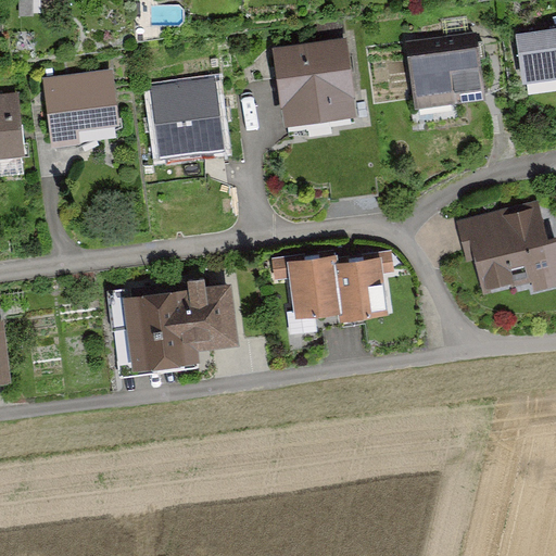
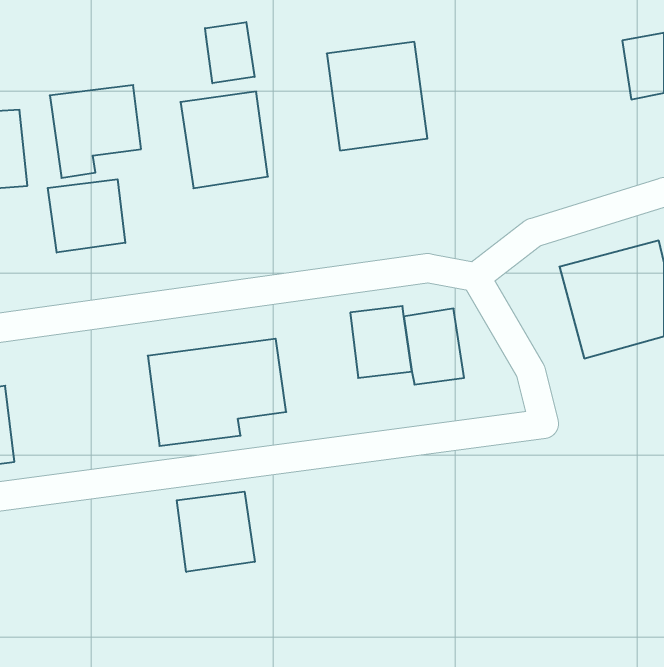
building: none -> [205,22,255,83]
building: [406,36,485,109] -> none
building: none -> [48,179,125,253]
building: none -> [177,492,255,572]

